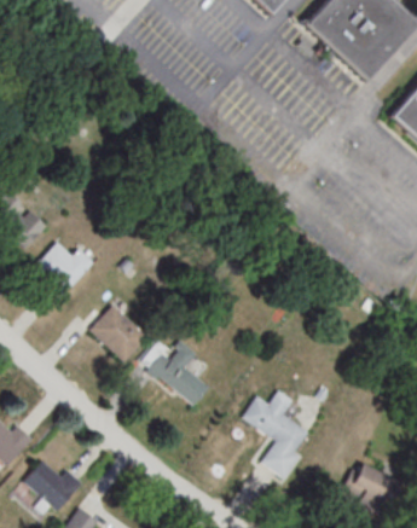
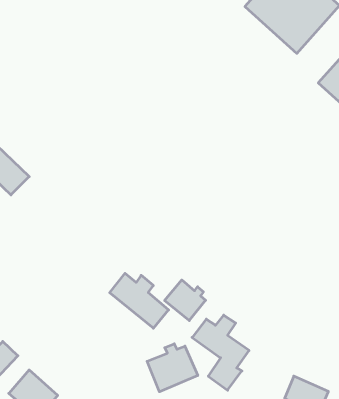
building: [34,242,95,295] -> none
building: [88,304,147,362] -> none
building: none -> [165,280,206,321]
building: none -> [147,344,198,392]

